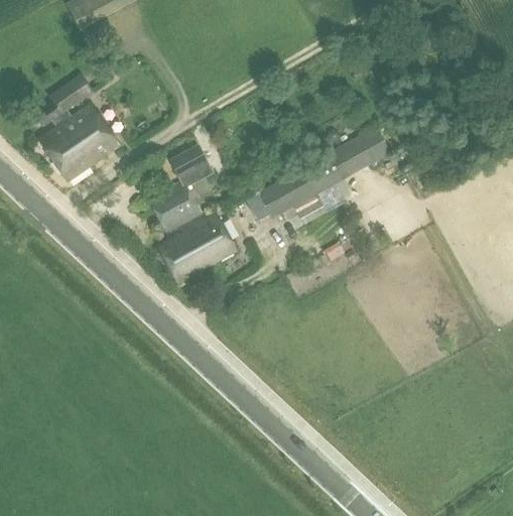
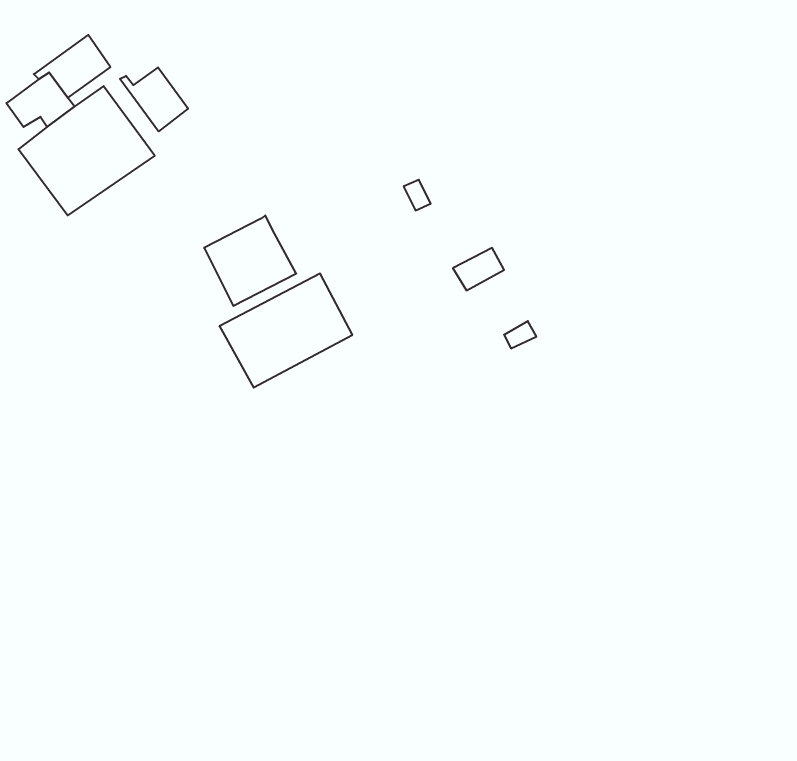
building: none -> [120,67,188,131]
building: [258,126,391,218] -> none
building: [170,145,208,184] -> none

